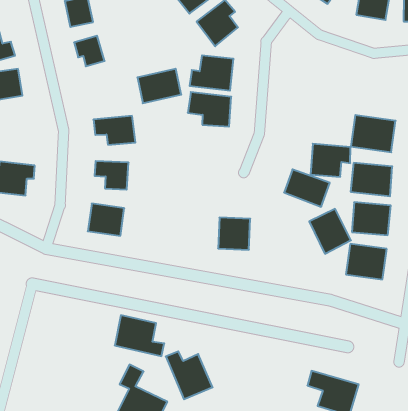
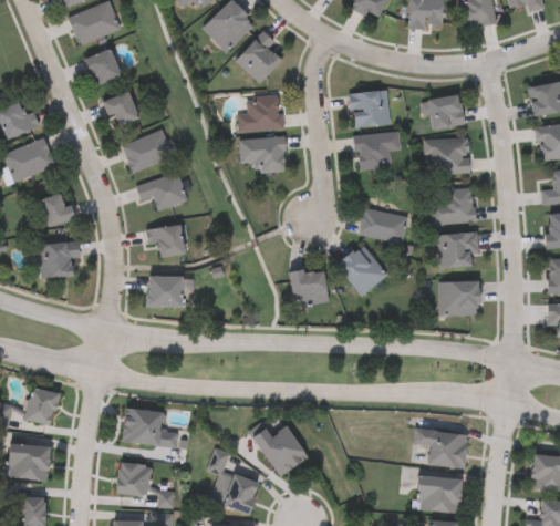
building: none -> [350,90,390,126]
building: [137,69,181,103] -> [121,128,172,172]
building: none -> [421,93,466,130]
building: none -> [41,194,76,225]
building: [310,144,350,177] -> [355,132,400,168]
building: [309,209,351,254] -> [338,245,386,296]
building: [115,315,164,356] -> [122,408,176,446]
building: none -> [117,463,148,494]

